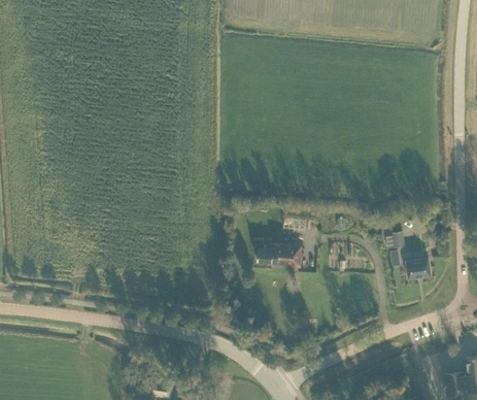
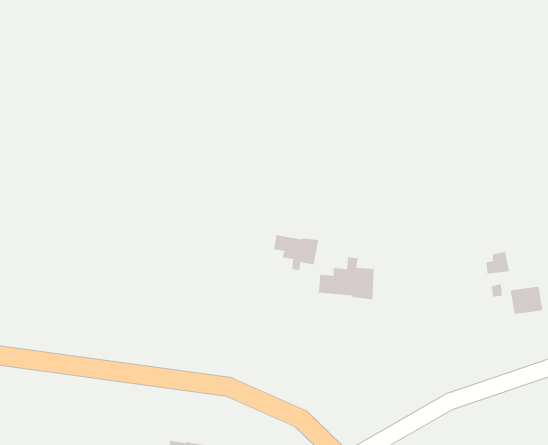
building: none -> [273,234,319,271]

